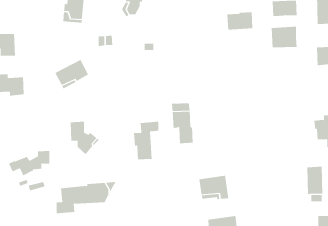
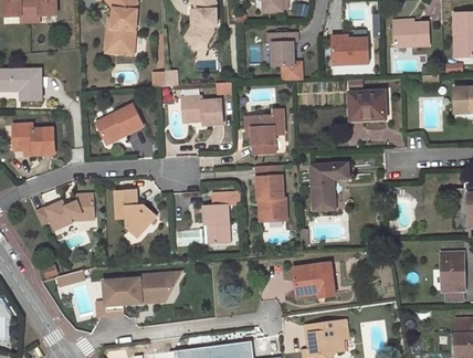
building: none -> [267,32,302,78]
building: [271,26,298,48] -> [349,90,386,119]
building: none -> [182,95,222,125]
building: none -> [251,107,284,152]
building: none -> [311,164,348,210]
building: [8,150,50,176] -> [36,194,94,230]

